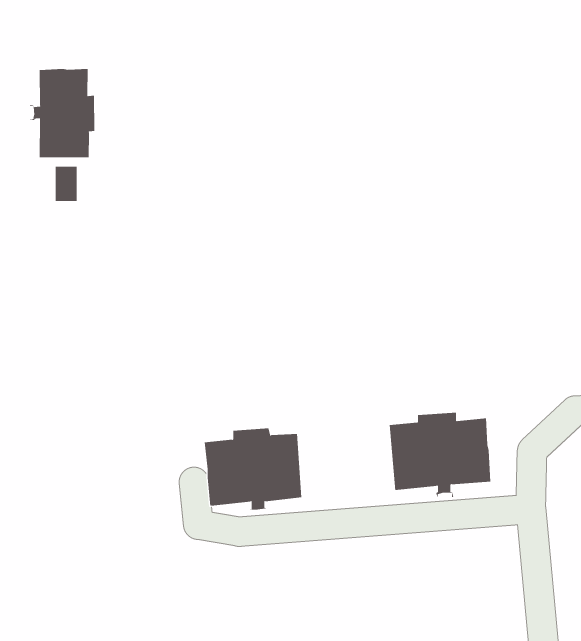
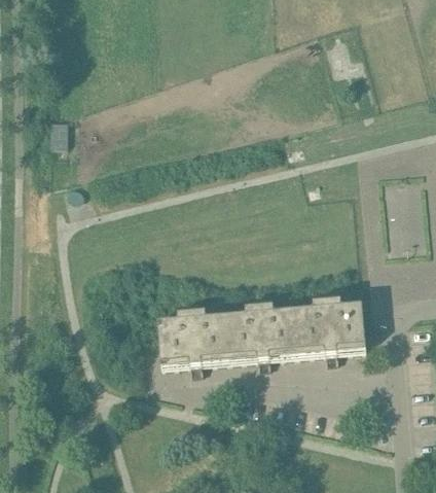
building: [30,68,95,158] -> none
building: none -> [226,306,296,368]

